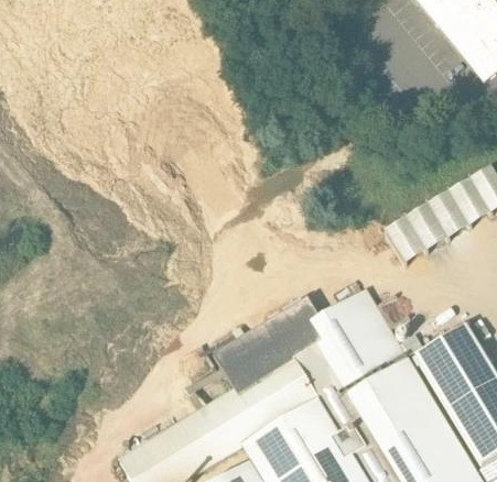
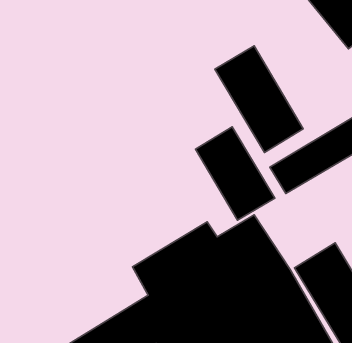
building: none -> [215,46,303,153]
building: none -> [196,127,275,220]

